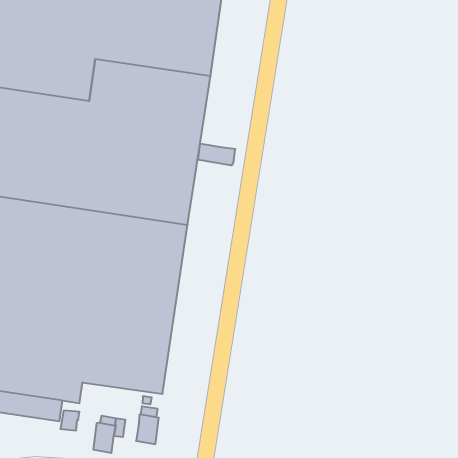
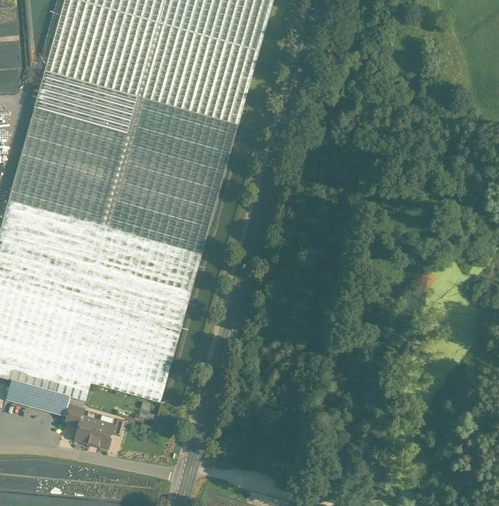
building: [198,144,235,165] -> none
building: [136,415,159,444] -> [74,416,97,444]

